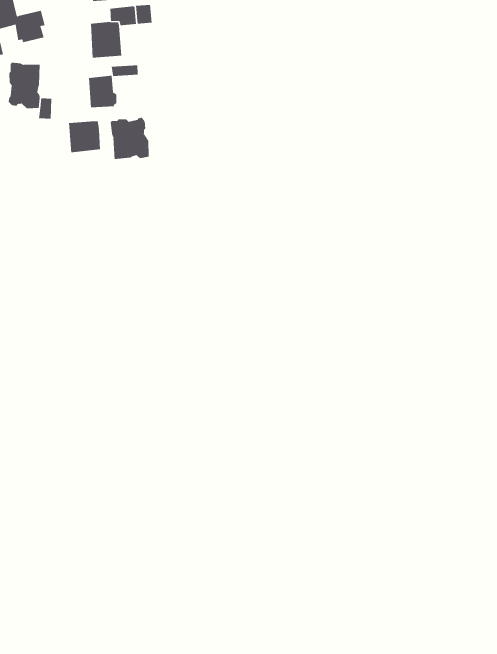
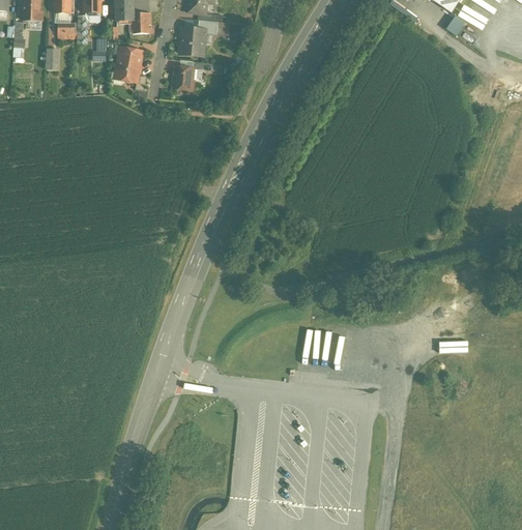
building: [110,117,149,160] -> none
building: [68,120,101,153] -> none

